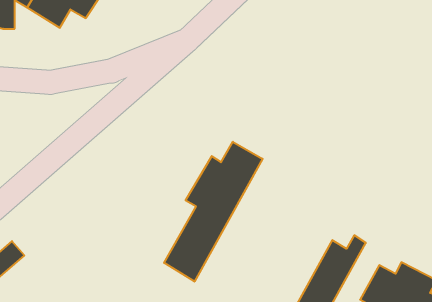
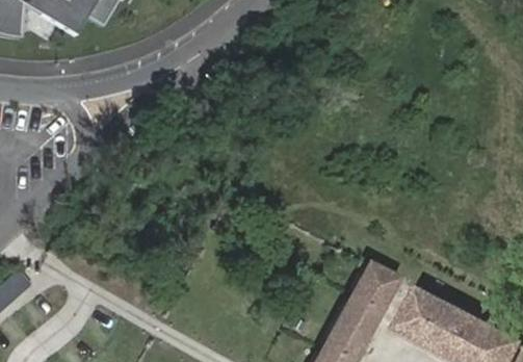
building: [164,142,263,282] -> none

